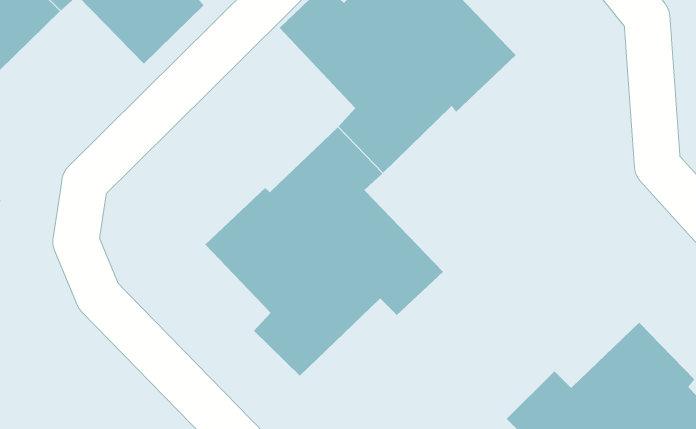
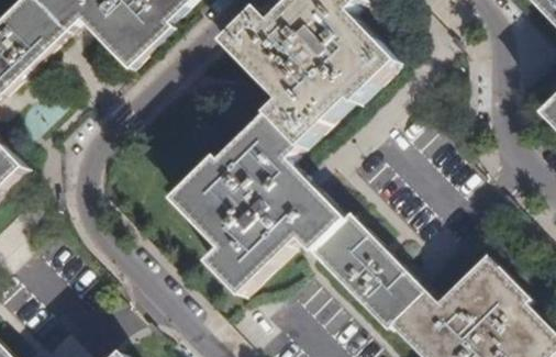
building: none -> [309,212,423,326]

